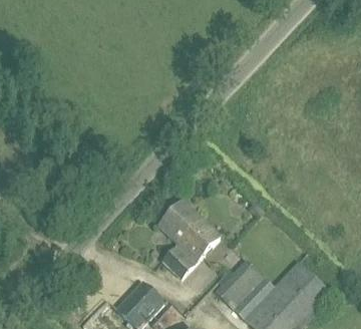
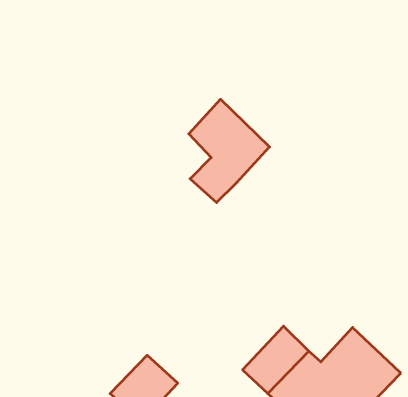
building: [158,200,220,278] -> [189,99,270,203]

